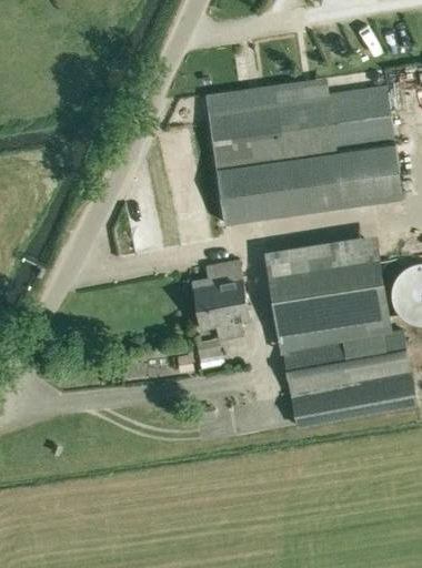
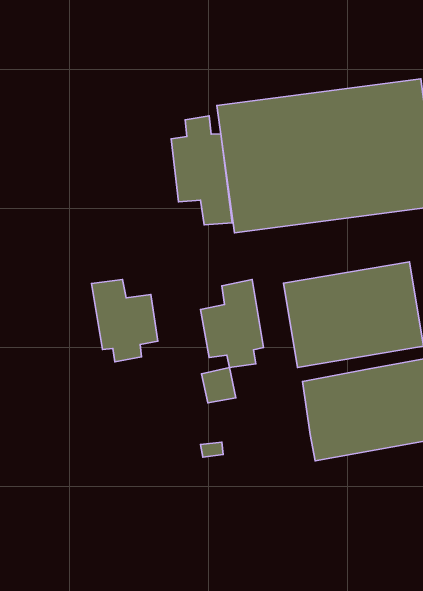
building: none -> [171,116,232,225]
building: none -> [91,280,158,362]

